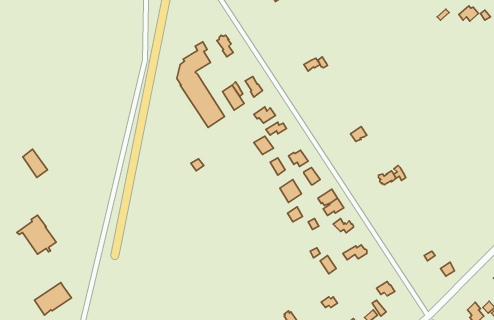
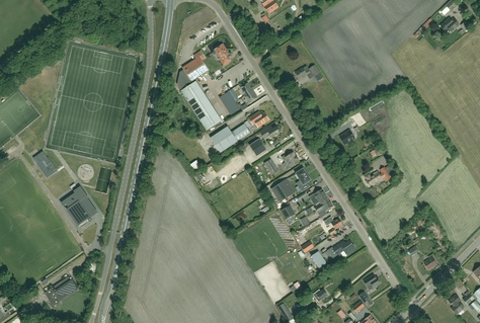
building: none -> [211,124,250,152]
building: [17,215,56,254] -> [61,186,97,223]

